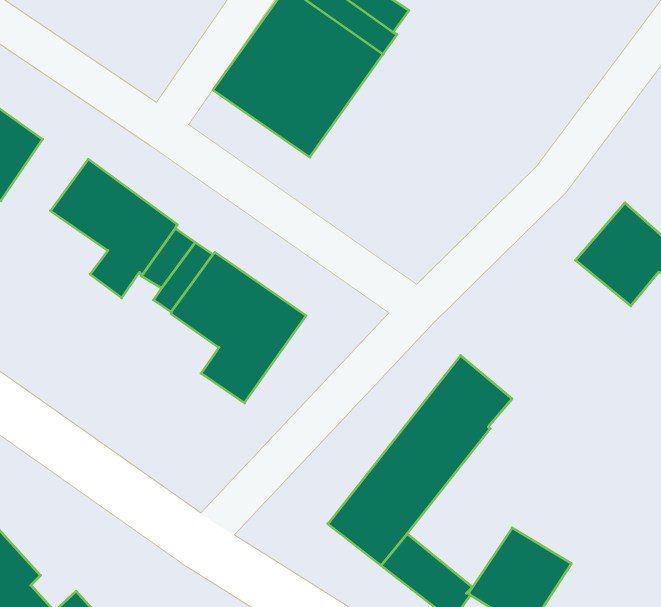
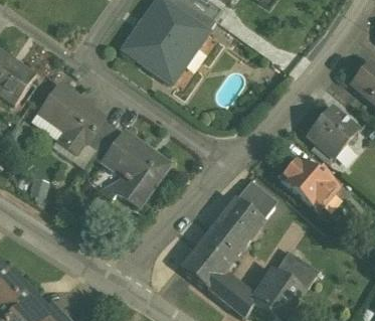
building: none -> [280,158,337,209]
building: none -> [274,250,318,289]

